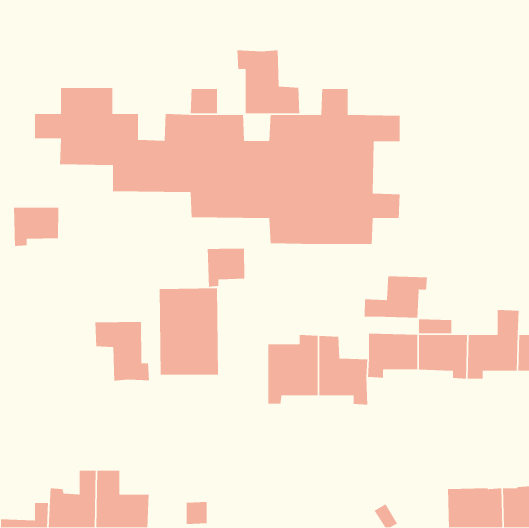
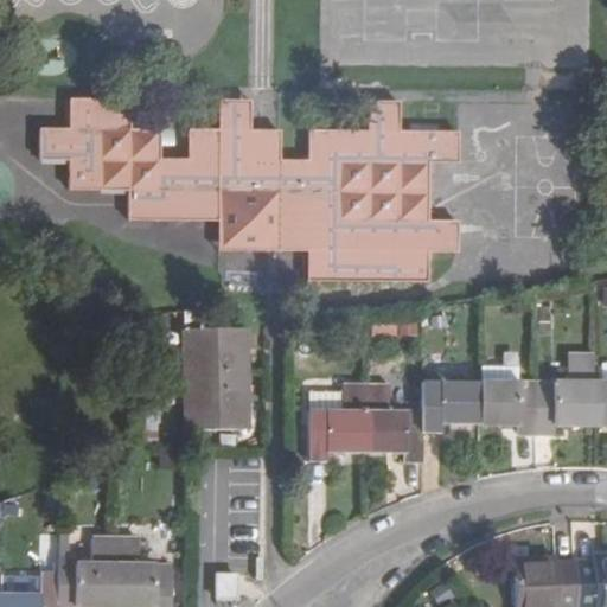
building: [236,49,300,114] -> none
building: [13,207,59,247] -> none
building: [207,248,245,288] -> none
building: [364,275,428,318] -> none
building: [94,321,150,382] -> none

